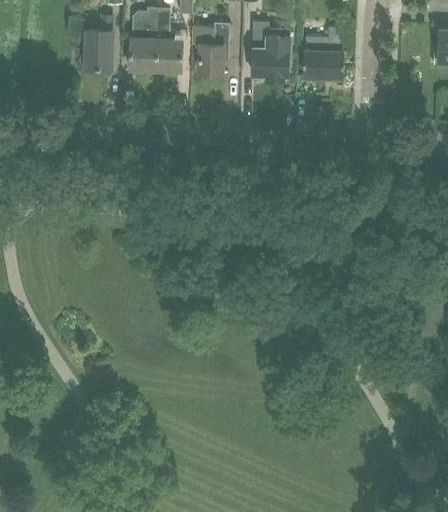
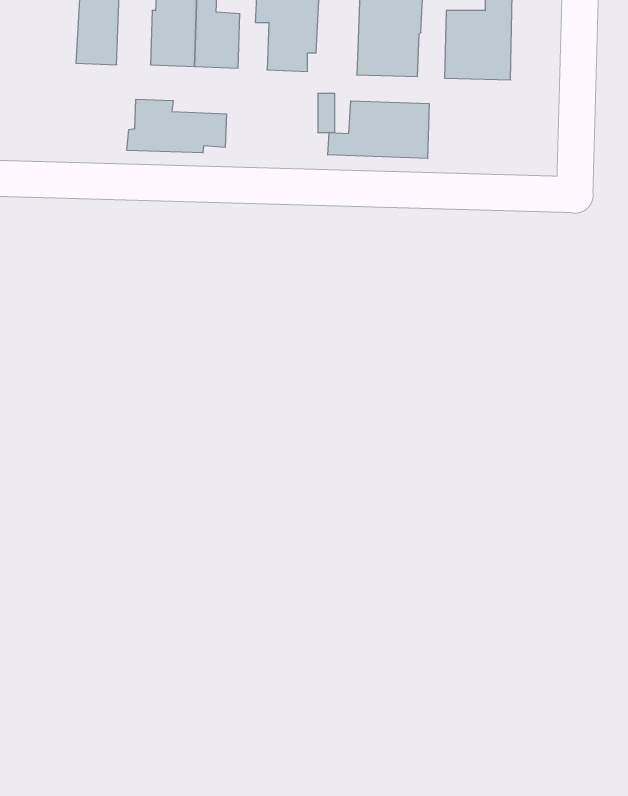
building: none -> [127,99,227,153]
building: none -> [328,101,429,159]

